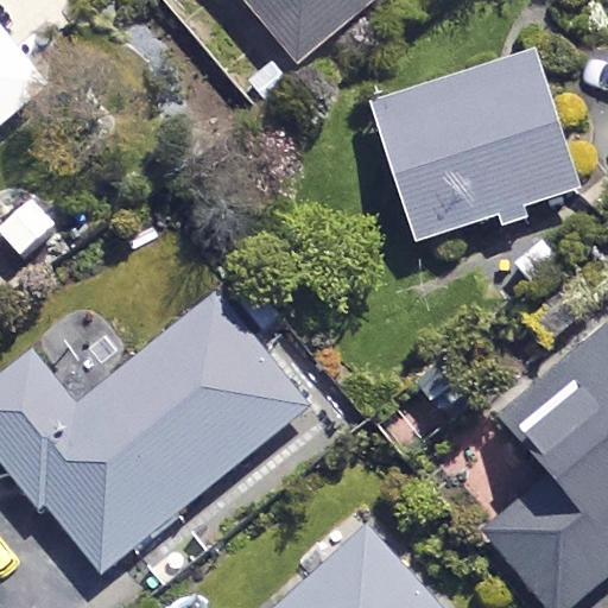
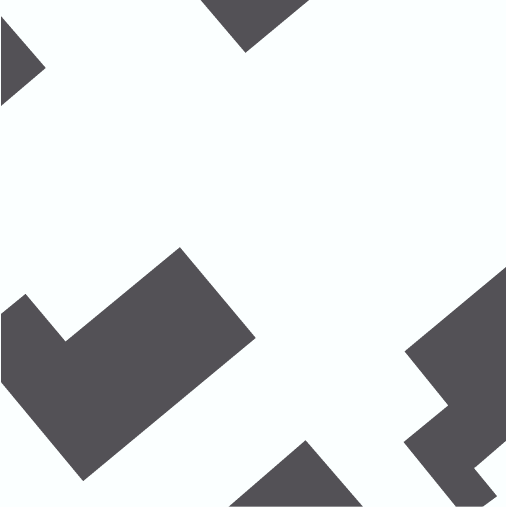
building: [368,48,578,246] -> none

